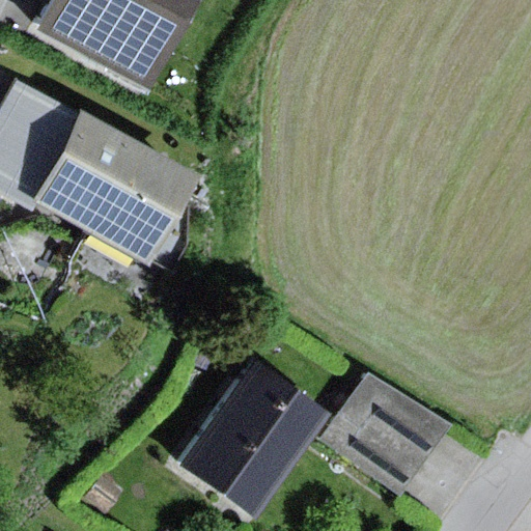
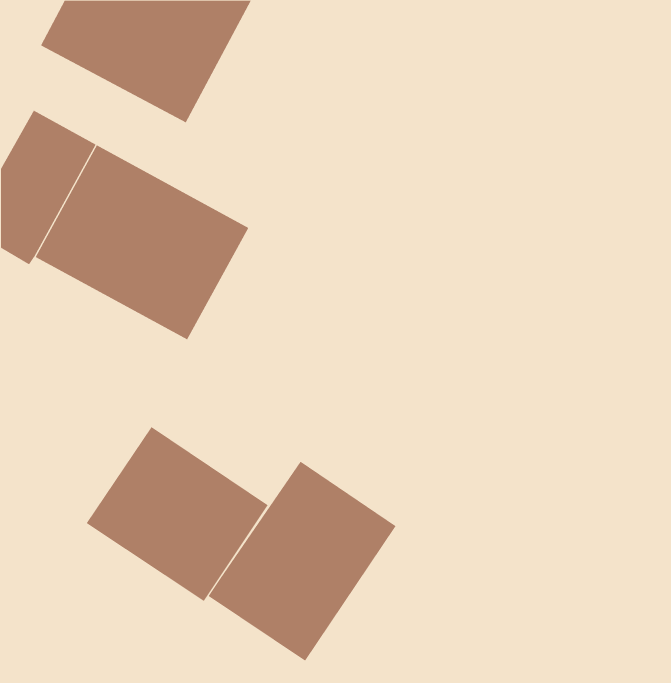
building: none -> [86,426,268,602]
building: [319,368,447,491] -> none

